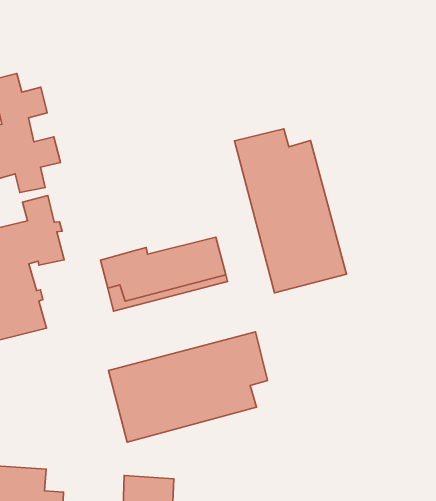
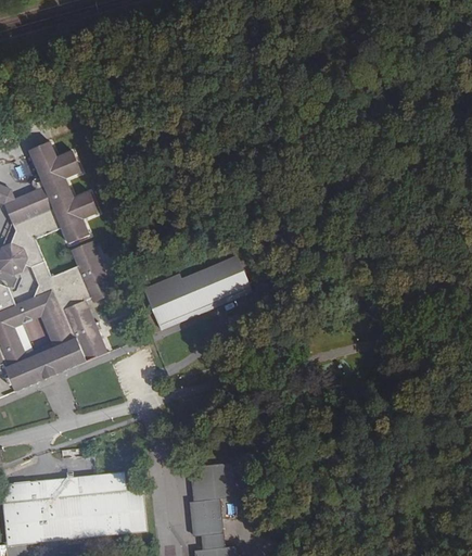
building: [235,129,347,293] -> none
building: [108,332,268,442] -> none

